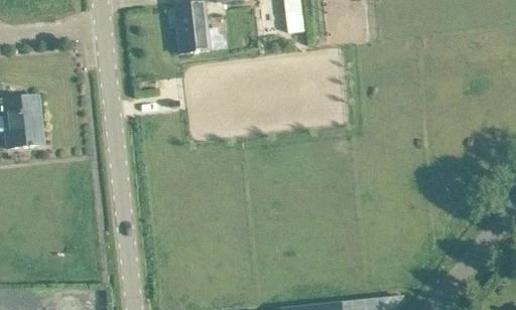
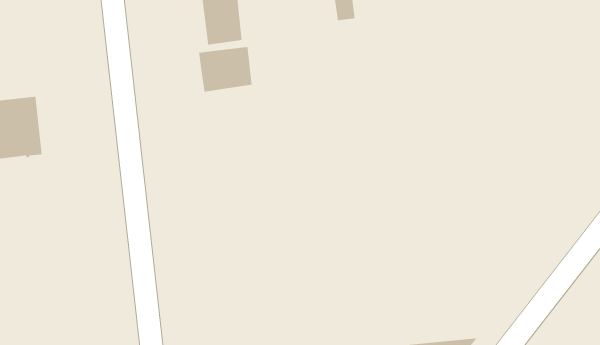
building: none -> [198,46,252,92]

